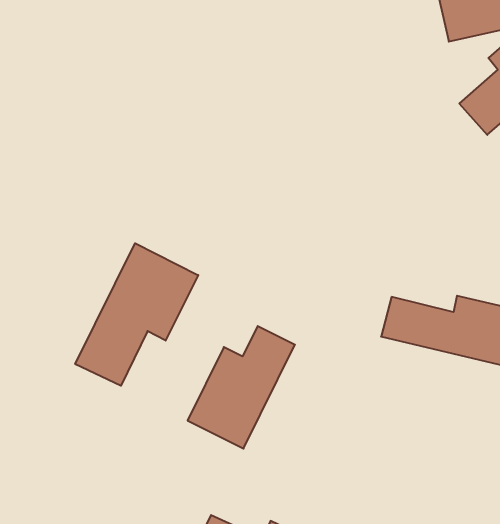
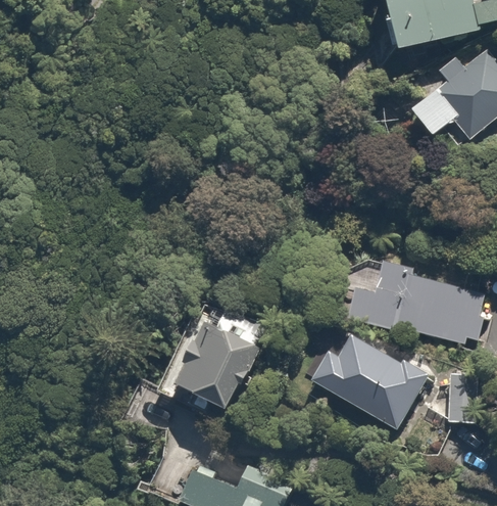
building: [75,243,198,386] -> none
building: none -> [311,329,432,429]

